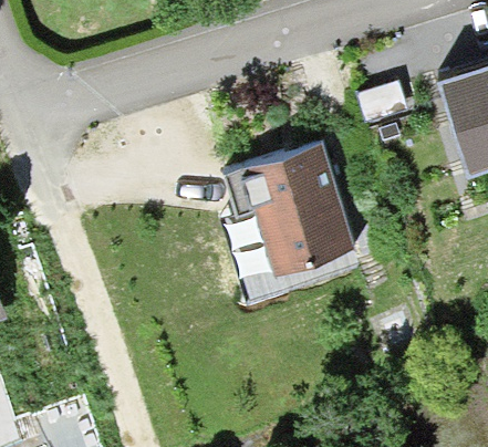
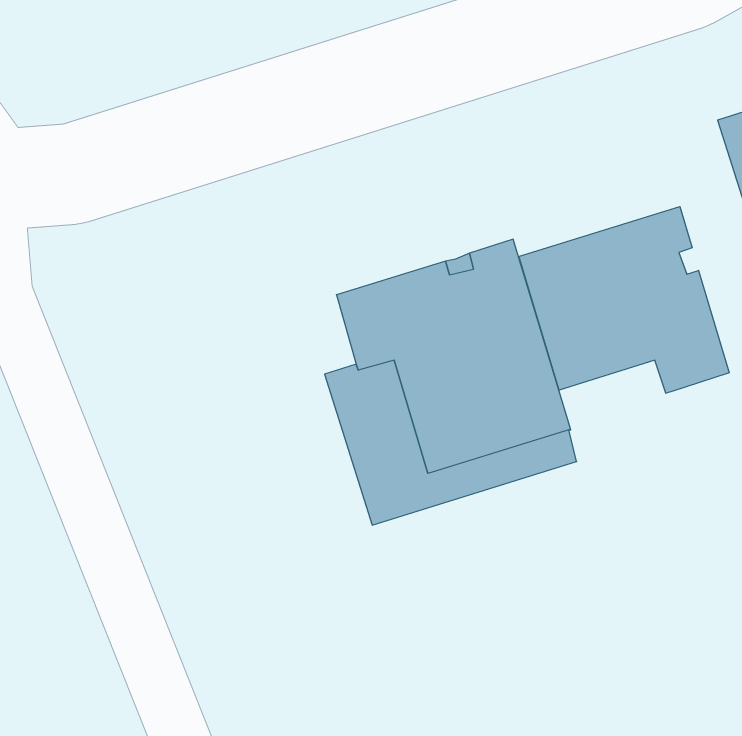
building: none -> [518,207,729,393]

